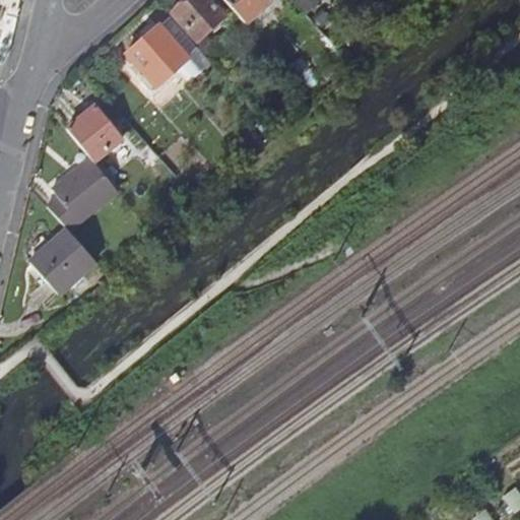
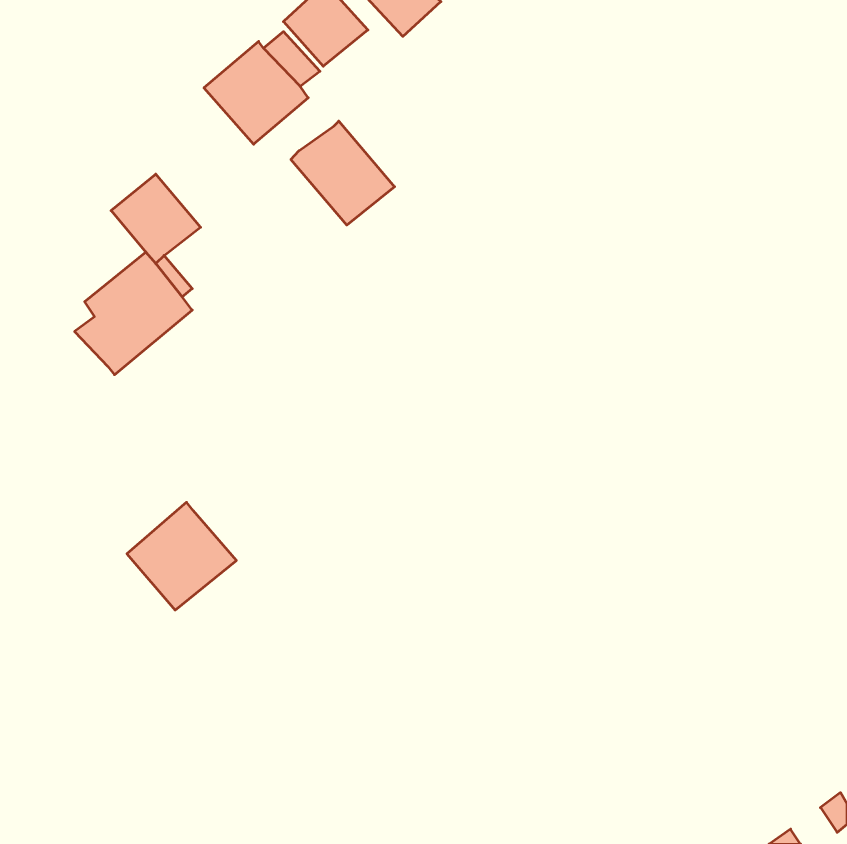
building: none -> [291,121,395,225]
building: [29,224,96,290] -> [127,502,236,610]

